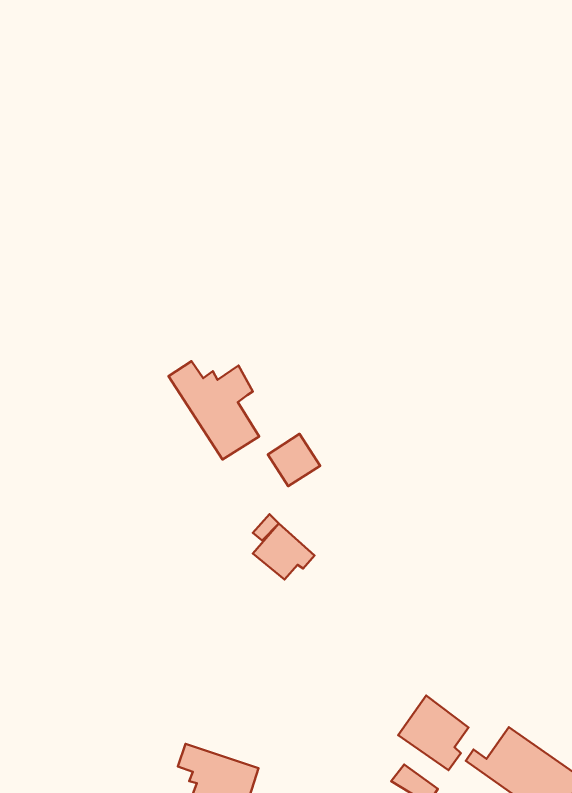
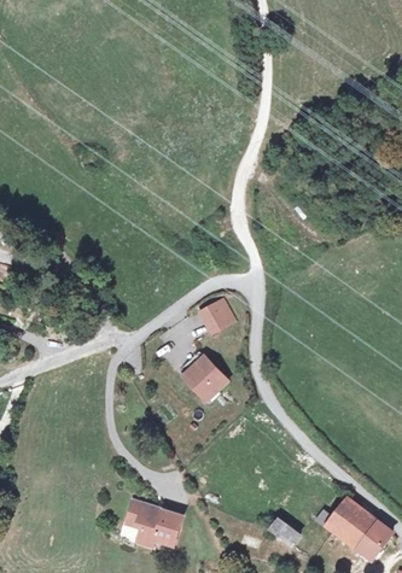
building: [169,361,259,459] -> none
building: [398,696,469,770] -> none

